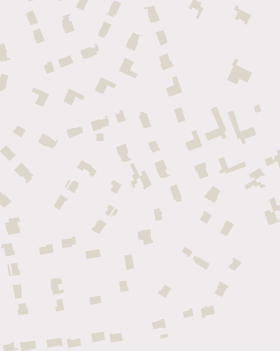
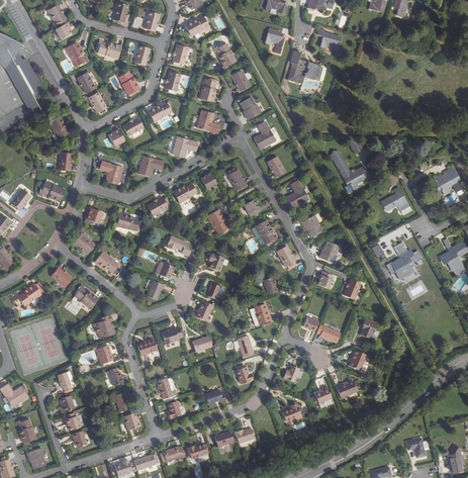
building: [226,57,253,85] -> [287,51,317,83]
building: [204,105,228,142] -> none
building: [217,156,247,175] -> none
building: [129,162,153,191] -> none
building: [244,167,267,191] -> none

